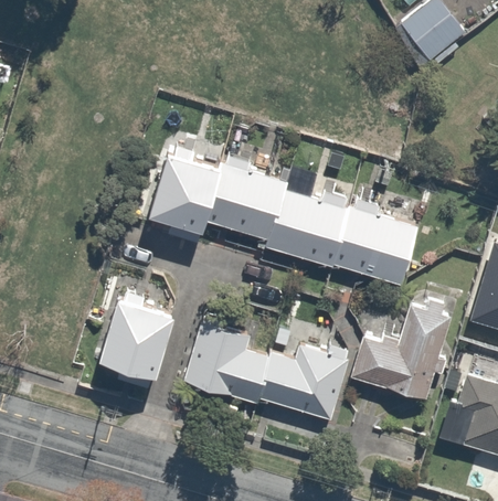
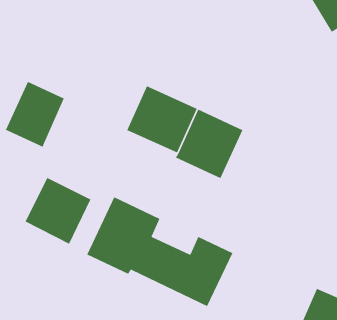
building: [149,149,216,227] -> [5,81,65,148]
building: [324,200,423,287] -> none
building: [349,307,448,401] -> none

